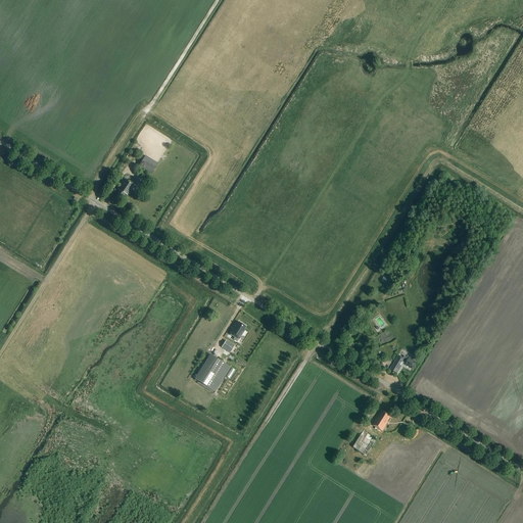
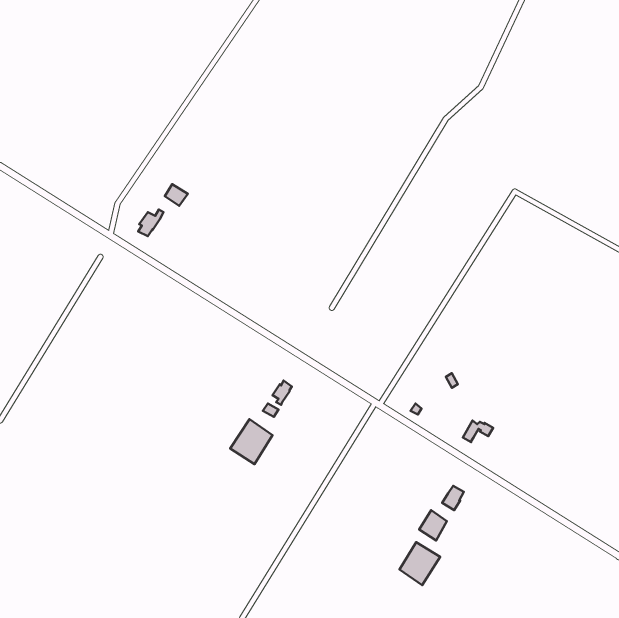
building: none -> [399,542,440,585]

